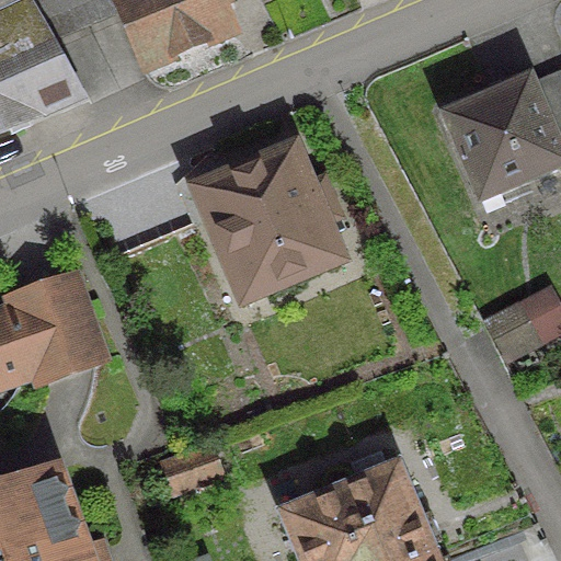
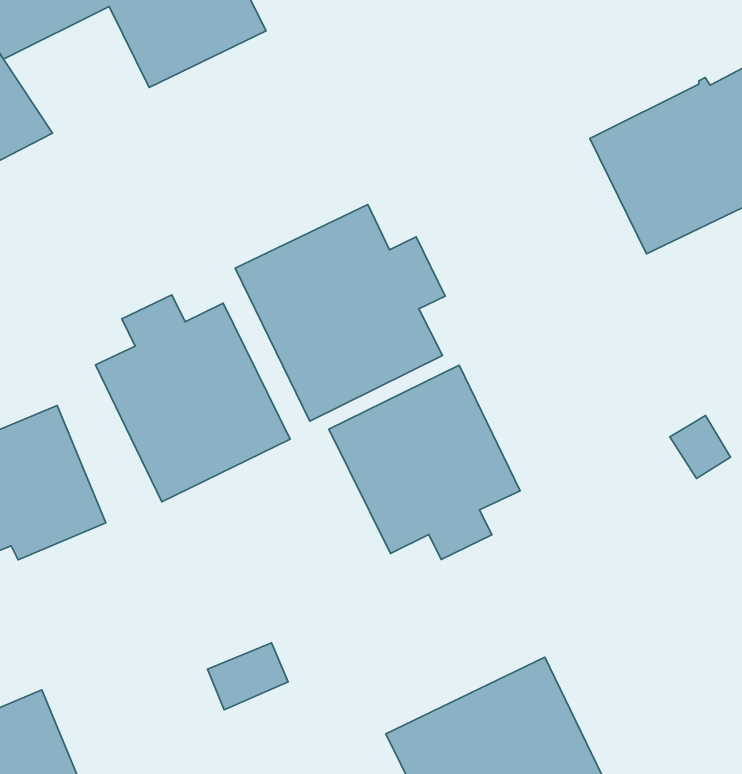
building: none -> [95,295,290,502]
building: none -> [329,365,520,559]

